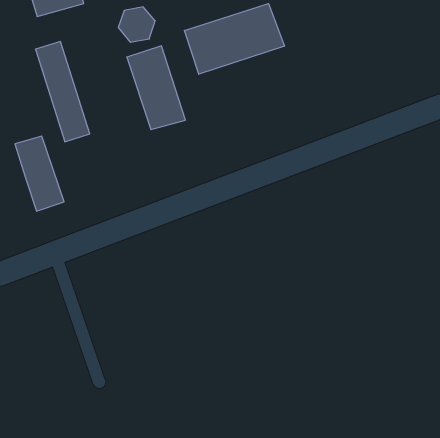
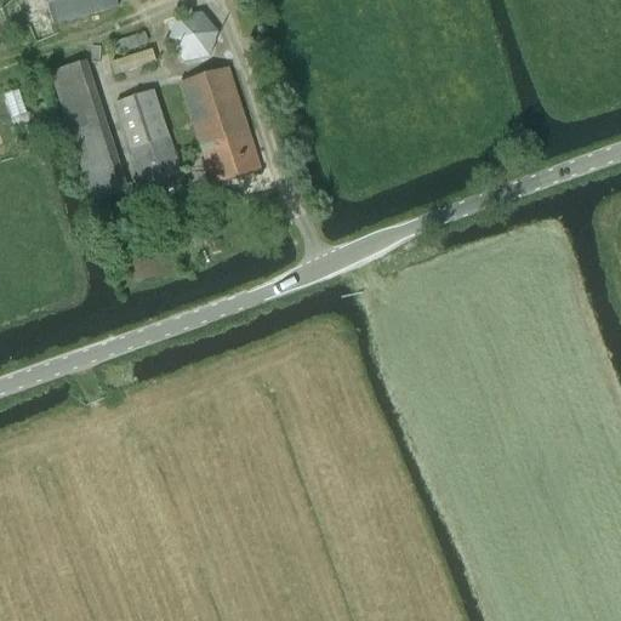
building: [184,4,284,74] -> none
building: [15,136,64,211] -> [115,89,184,194]

